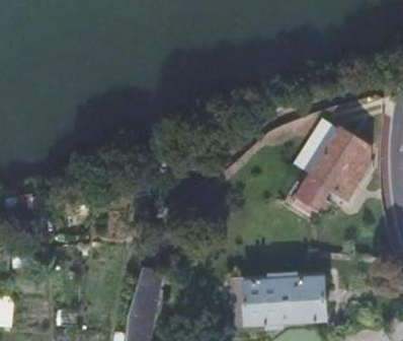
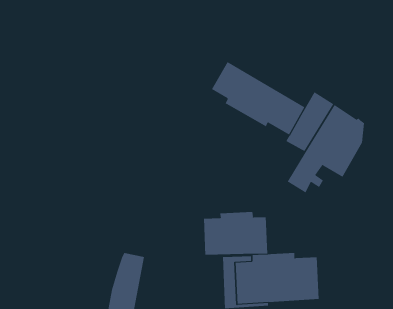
building: none -> [211,61,305,135]
building: none -> [203,211,268,256]

